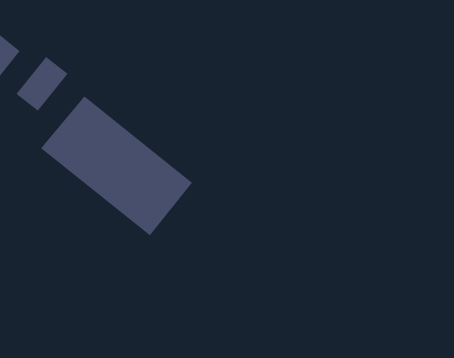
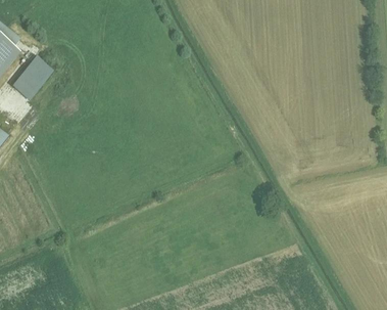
building: [40,96,193,236] -> none

